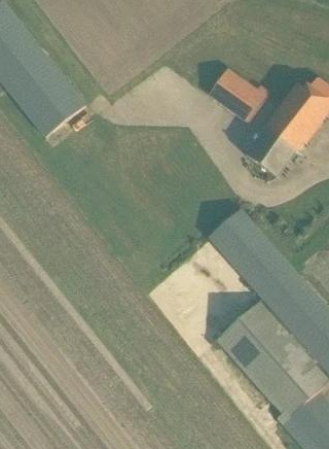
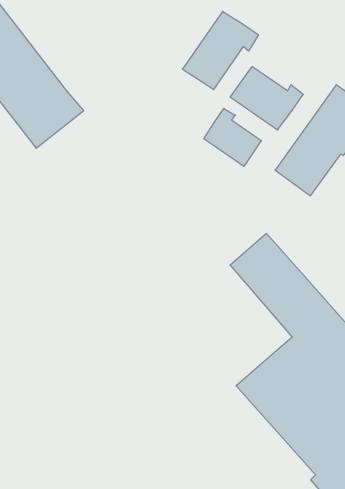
building: none -> [183,11,259,90]
building: none -> [204,108,261,166]

